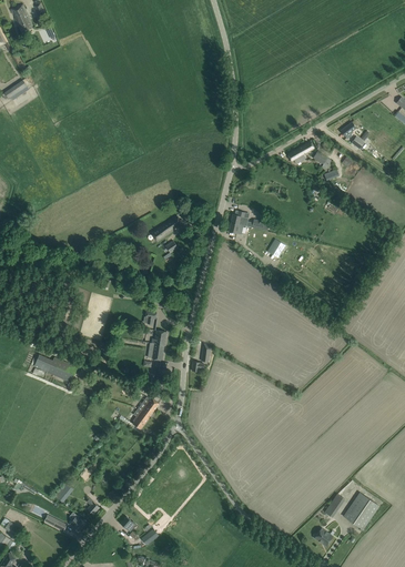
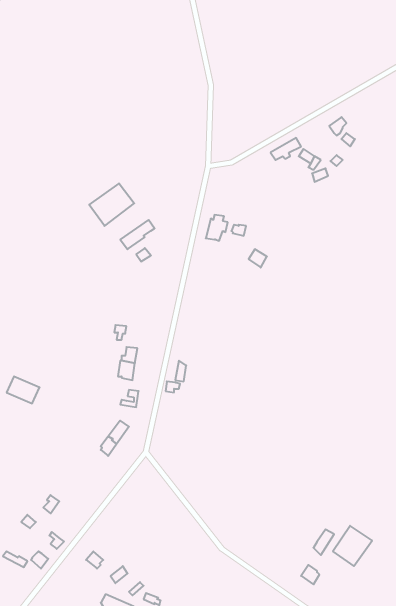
building: none -> [89,183,134,226]

